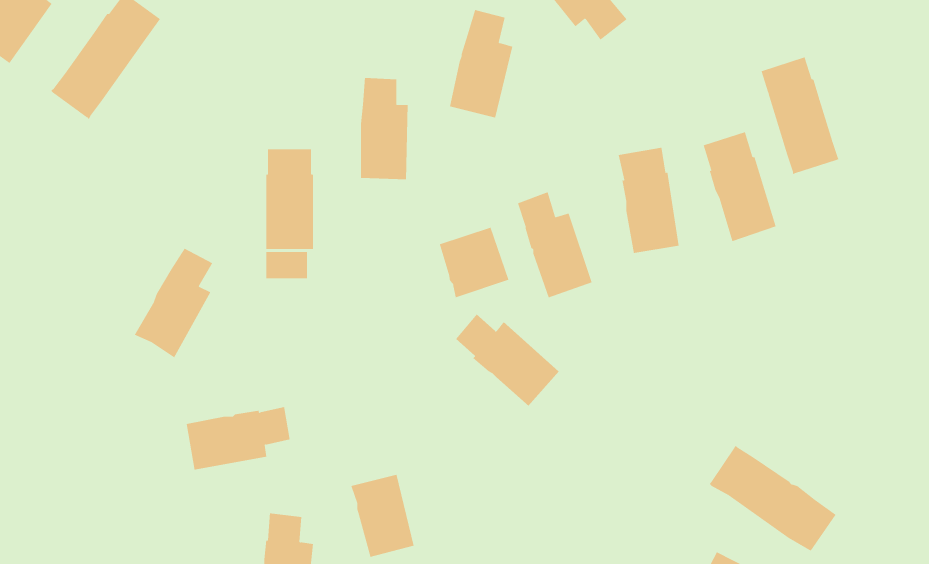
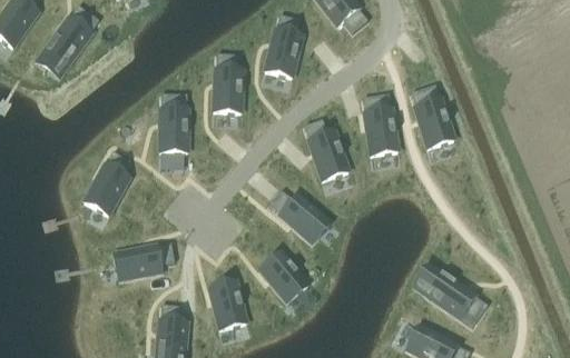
building: [761,57,839,175] -> none
building: [439,227,509,298] -> none
building: none -> [259,252,307,304]

